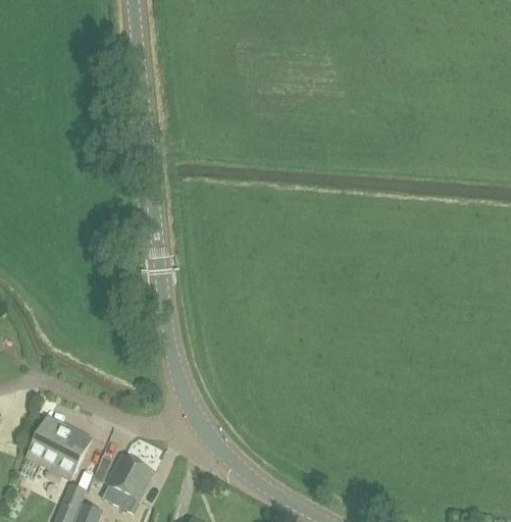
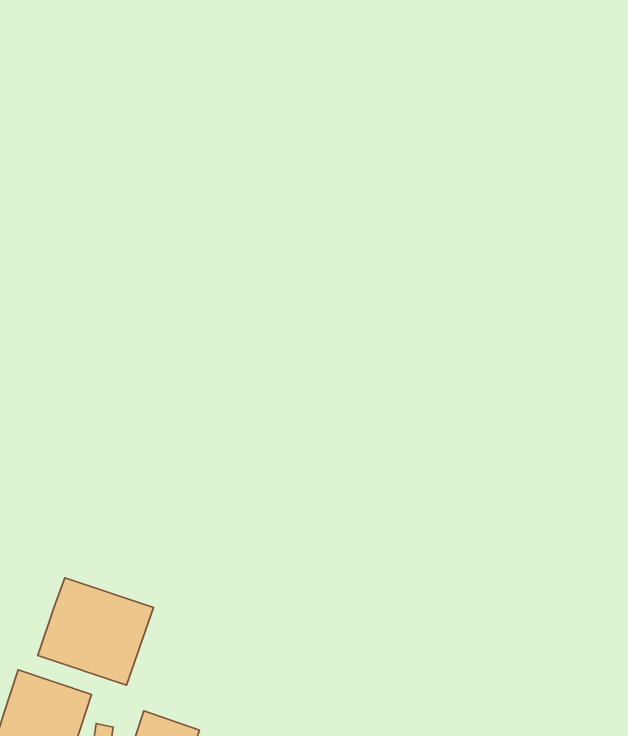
building: none -> [38,578,153,685]

